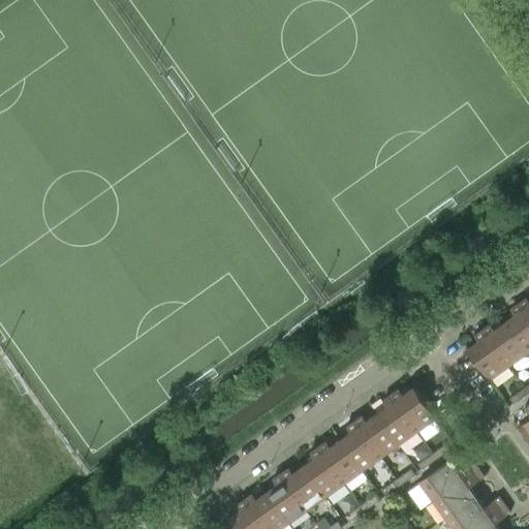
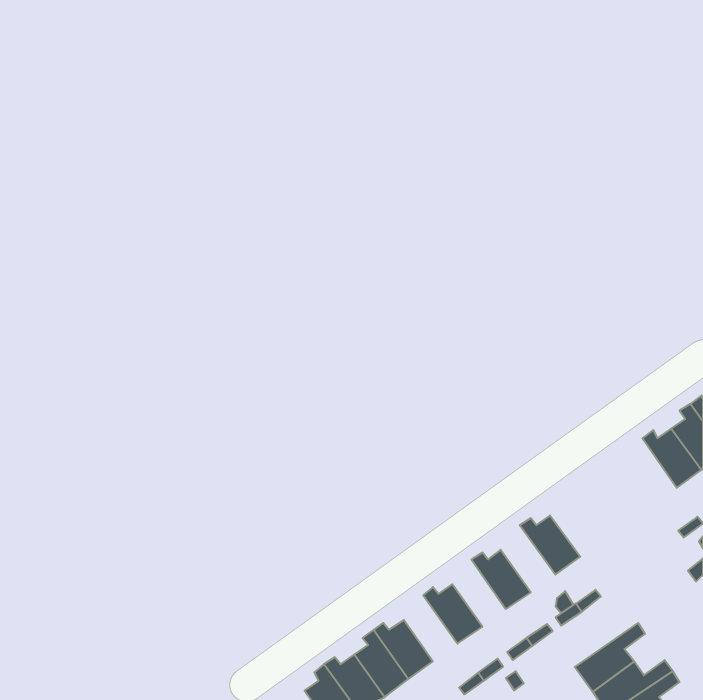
building: [466,332,507,382] -> none
building: [375,397,416,447] -> none
building: [339,423,379,473] -> none
building: [303,449,343,499] -> none
building: [417,462,478,503] -> none

